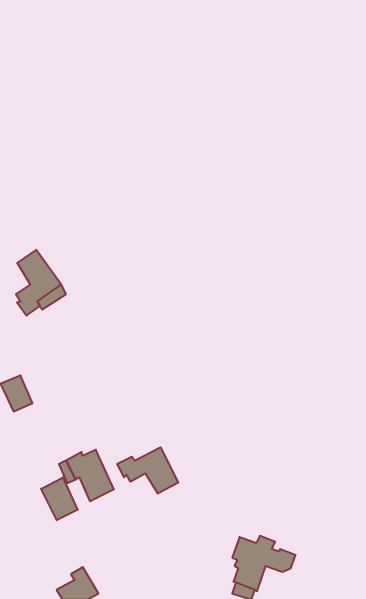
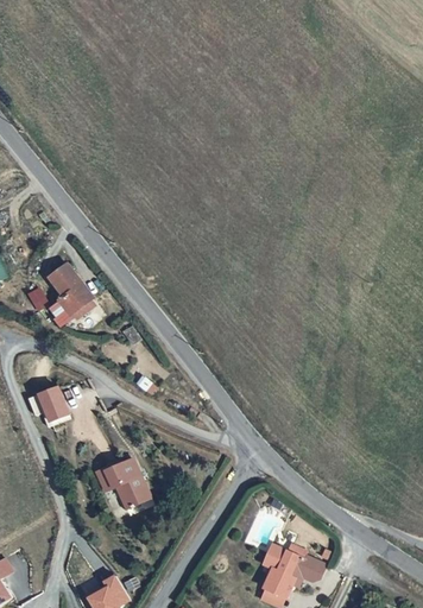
building: [117,447,178,494] -> none
building: [41,477,78,520] -> none

